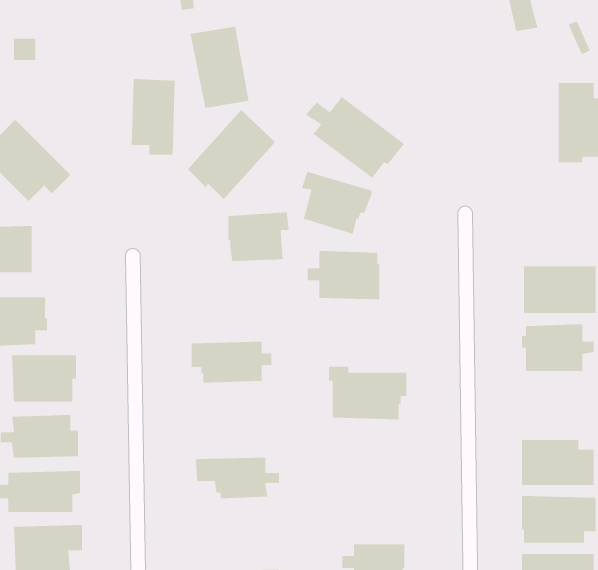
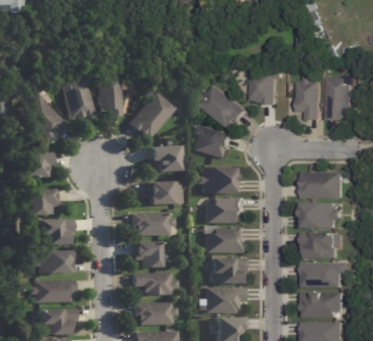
building: [189,26,249,109] -> [63,76,94,119]
building: none -> [248,70,278,103]
building: none -> [293,75,315,118]
building: none -> [149,181,181,204]
building: none -> [206,198,245,223]
building: none -> [304,233,339,259]
building: none -> [133,241,166,266]
building: none -> [204,257,245,282]
building: none -> [205,288,245,313]
building: none -> [134,302,177,325]

